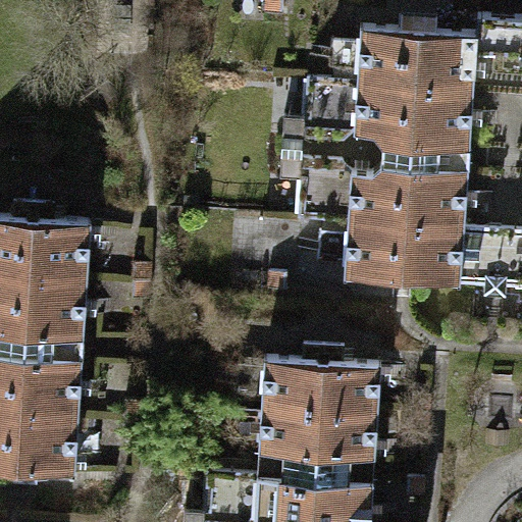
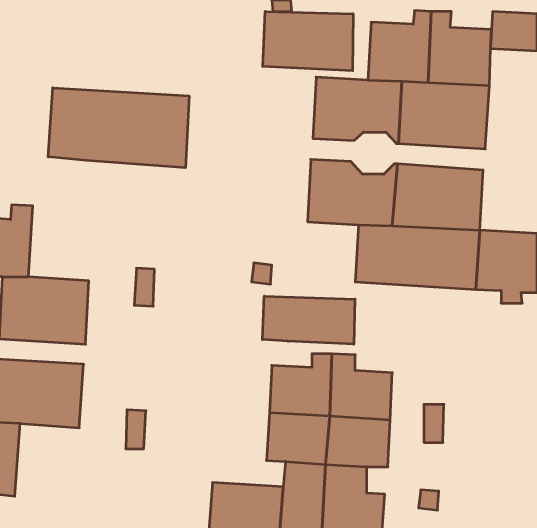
building: none -> [263,11,353,71]
building: none -> [48,88,189,168]
building: [28,210,89,282] -> none
building: none -> [262,296,355,344]
building: [14,420,76,492] -> none

